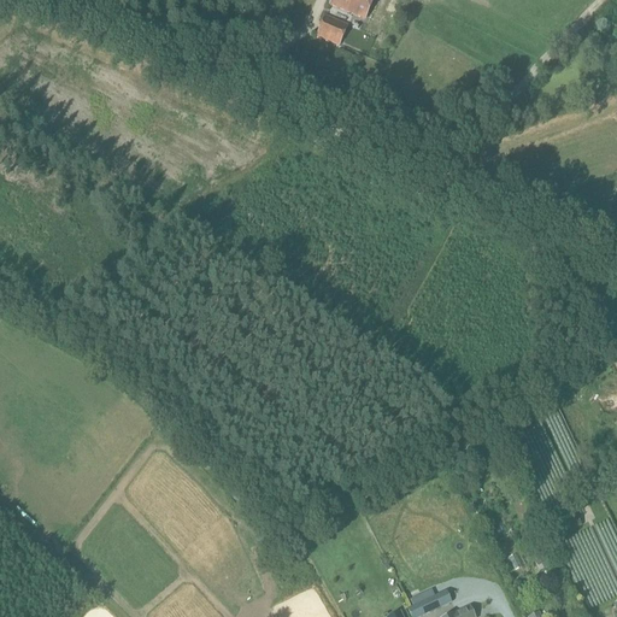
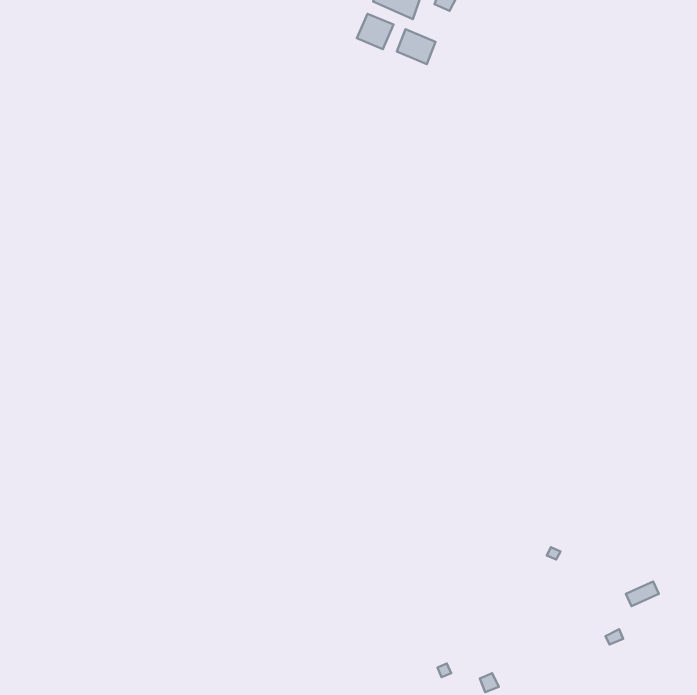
building: none -> [397,29,436,64]

